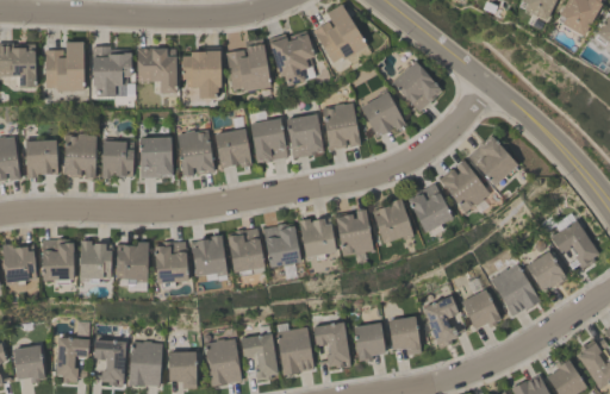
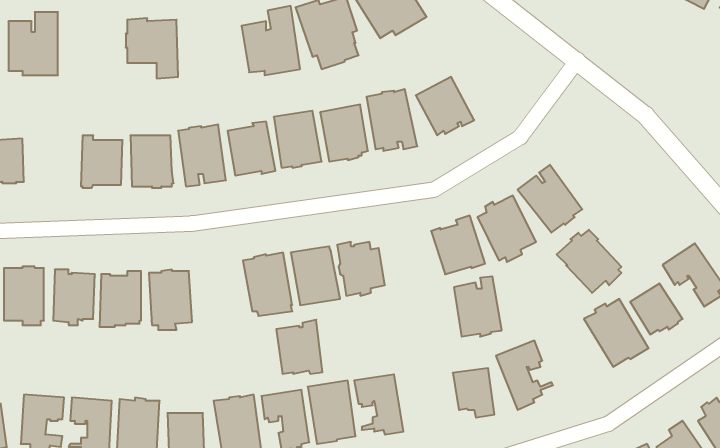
building: [92,45,131,95] -> none
building: [181,50,220,98] -> none
building: [392,61,442,111] -> none
building: [63,132,95,176] -> none
building: [467,137,517,186] -> [557,230,621,293]
building: [336,209,373,256] -> [454,276,502,337]
building: [191,234,226,276] -> [276,320,322,374]
building: [461,289,500,330] -> none
building: [354,323,385,362] -> none

